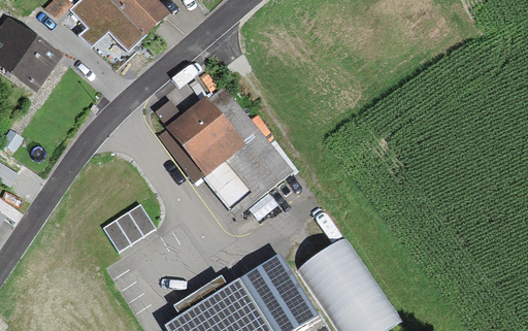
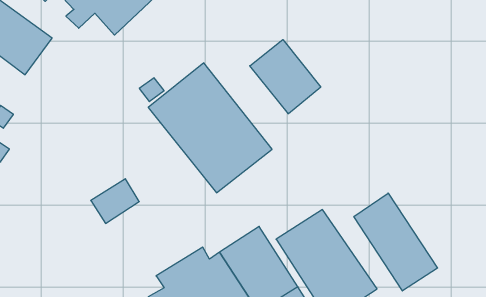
building: none -> [250,40,321,114]
building: none -> [354,193,438,291]

